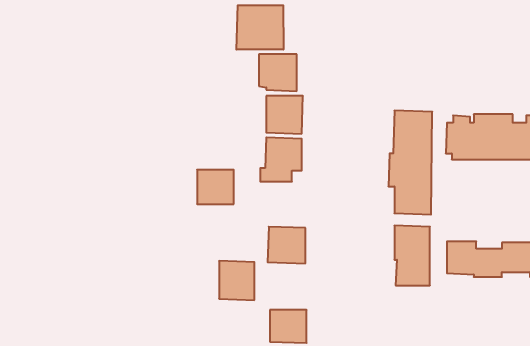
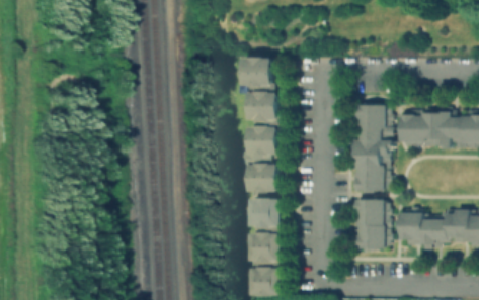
building: [236,5,283,50] -> none
building: [197,170,234,204] -> [248,165,278,193]
building: [219,261,254,300] -> [251,233,281,266]

